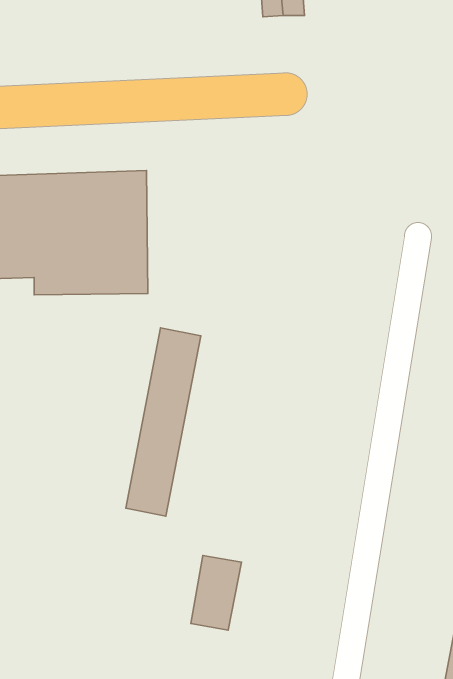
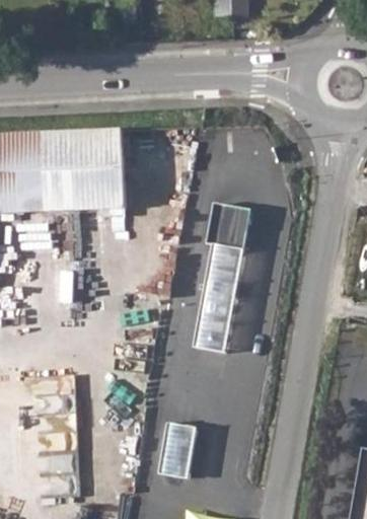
building: [126,328,201,516] -> [193,211,249,354]

